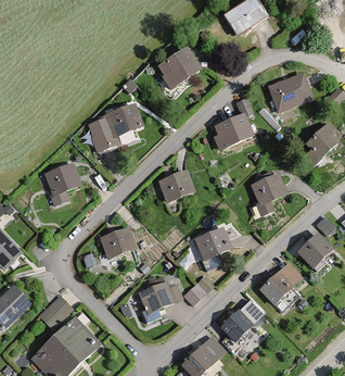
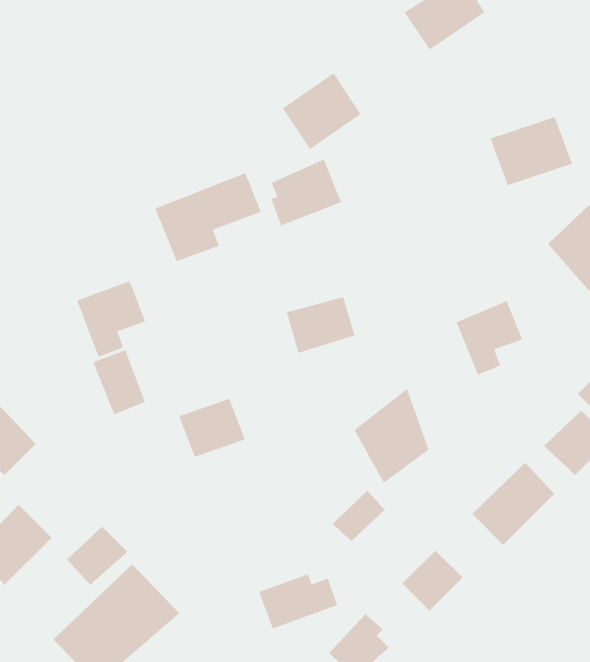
building: [215,113,254,150] -> [270,158,342,226]
building: none -> [92,349,146,415]
building: [138,281,181,312] -> [258,574,338,630]

